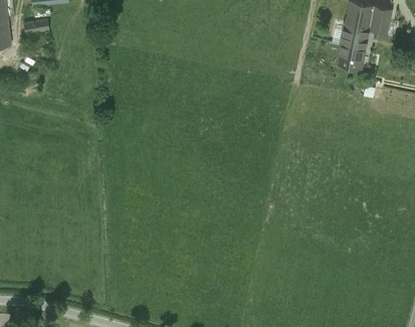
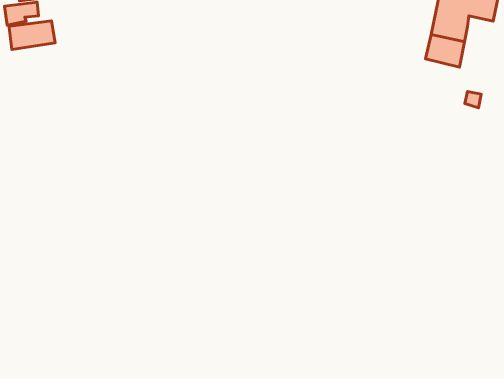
building: none -> [9,21,55,50]

